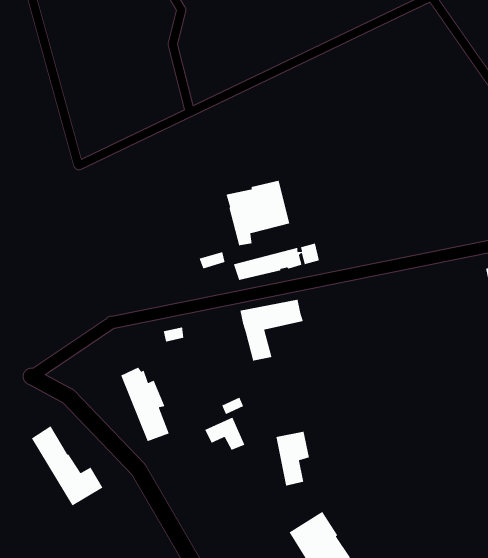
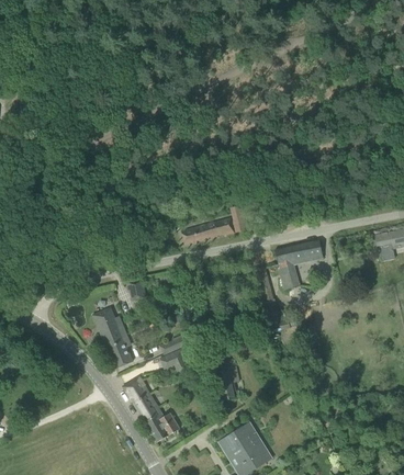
building: [226,180,290,246] -> none
building: [240,299,304,362] -> [274,240,324,289]
building: [31,425,104,507] -> [125,380,181,442]

